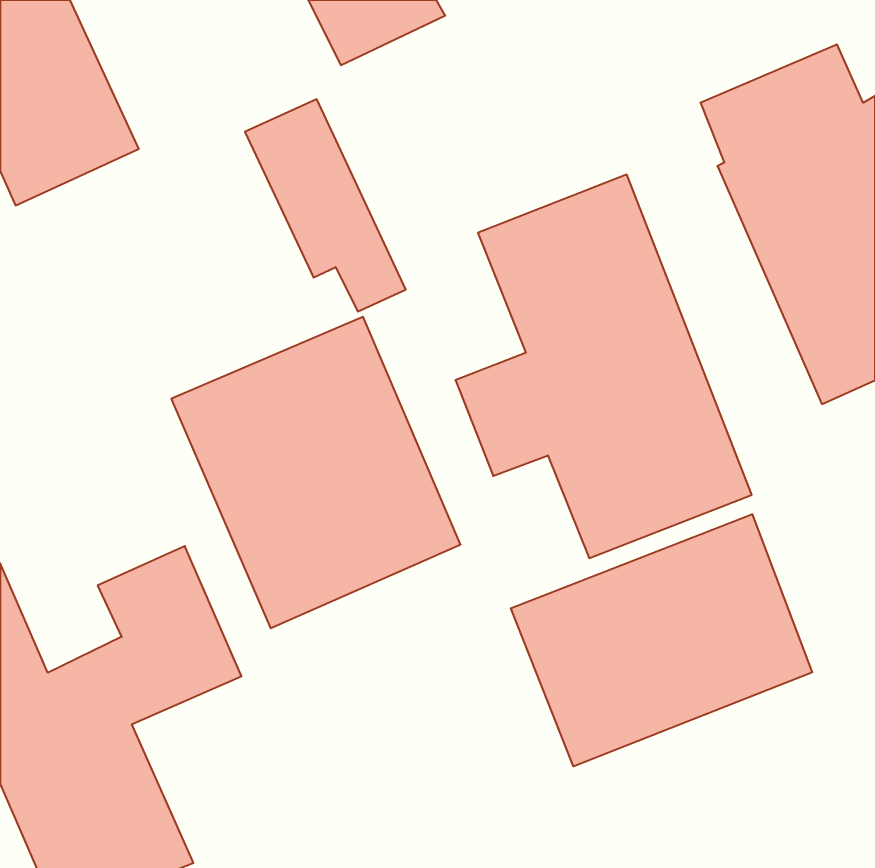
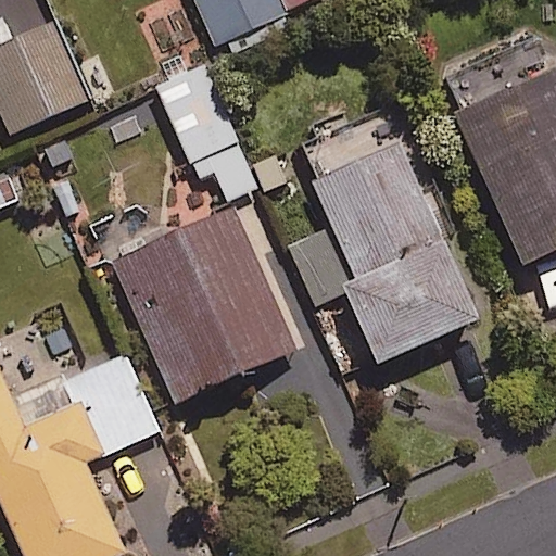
building: [511,514,812,766] -> none

